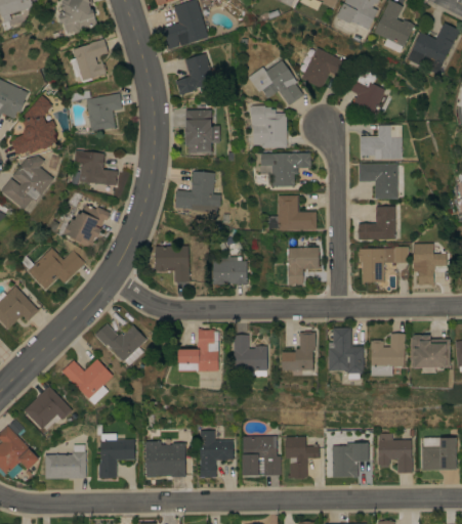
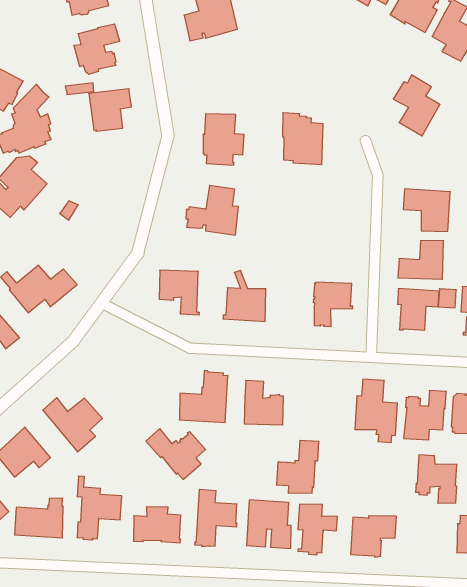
building: [300,47,351,90] -> none
building: [175,53,217,95] -> none
building: [248,60,303,105] -> none
building: [360,125,402,159] -> none
building: [74,150,118,185] -> none
building: [260,152,310,187] -> none
building: [268,195,316,229] -> none
building: [64,204,111,249] -> none
building: [95,323,146,365] -> [146,429,206,479]
building: [282,332,316,377] -> [276,440,319,493]
building: [377,433,412,473] -> [415,455,457,503]

